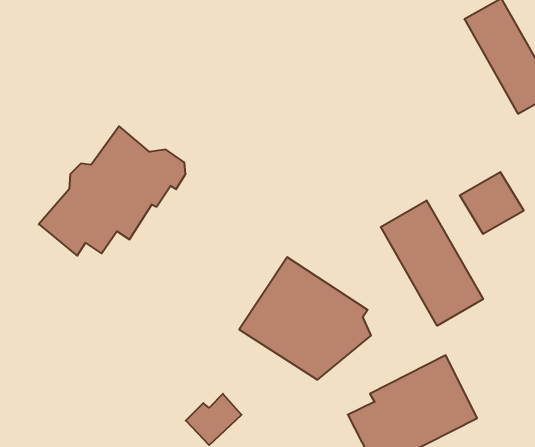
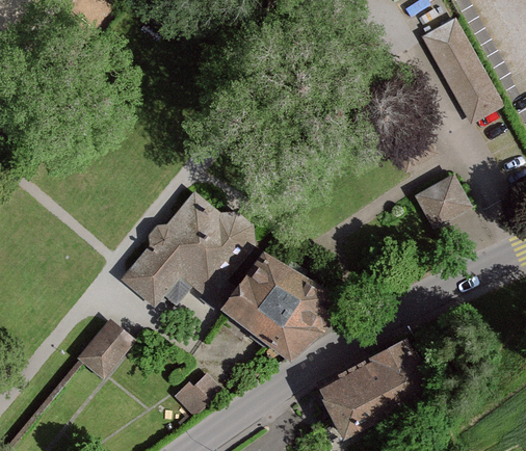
building: [39,126,186,256] -> [121,191,252,307]
building: [381,200,483,326] -> none
building: none -> [80,316,134,373]

